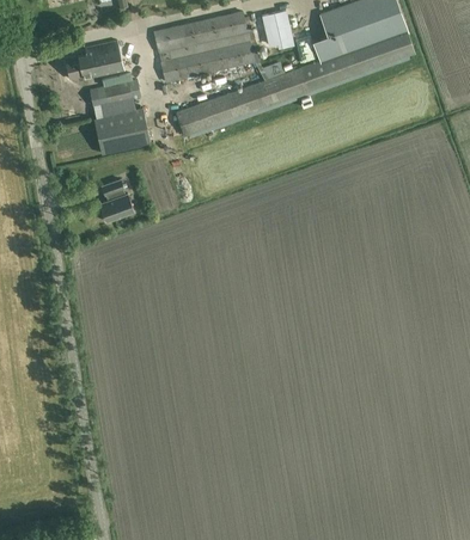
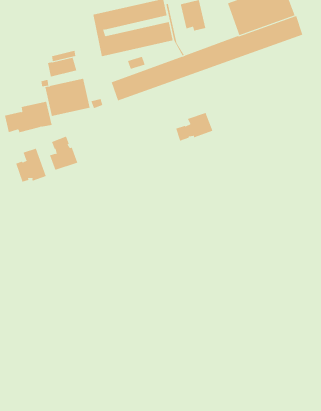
building: [63,39,123,79] -> [4,101,52,133]
building: none -> [176,112,213,141]
building: none -> [16,148,47,182]

